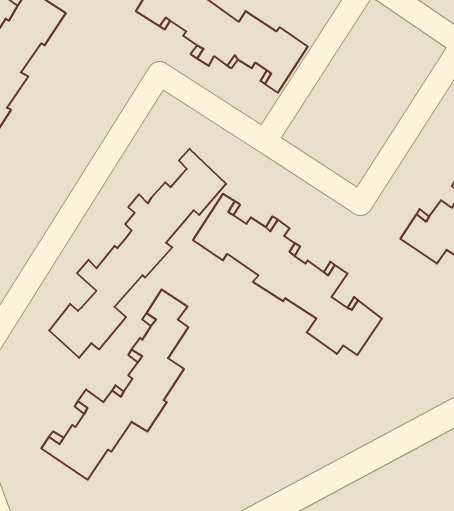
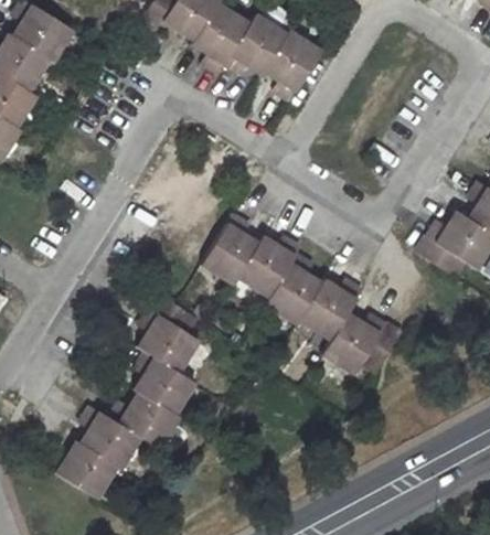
building: [49,149,226,358] -> none

